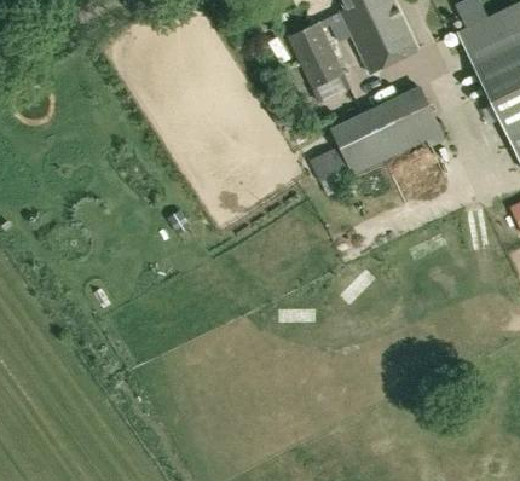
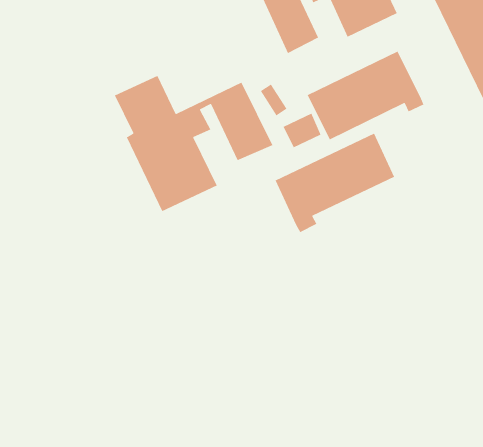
building: none -> [114,75,273,212]
building: none -> [275,133,395,233]

